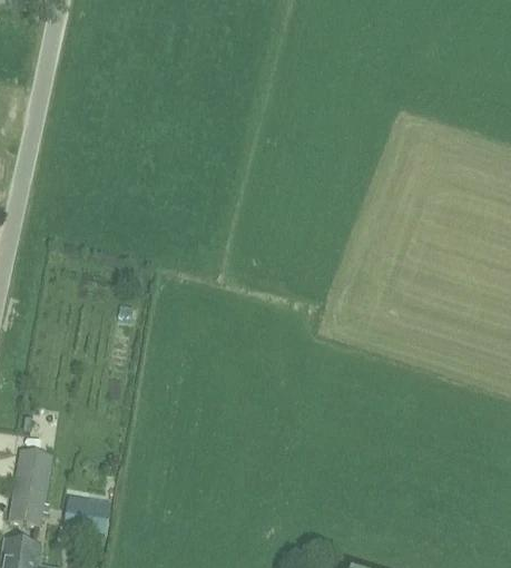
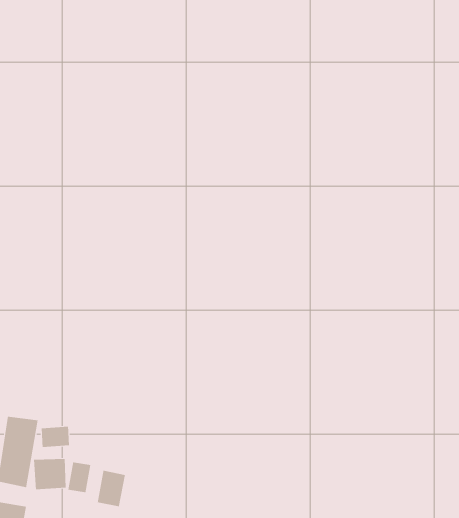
building: none -> [41,426,70,448]
building: none -> [97,470,125,507]

